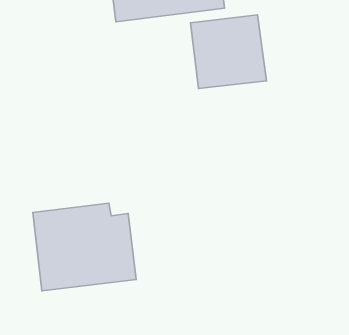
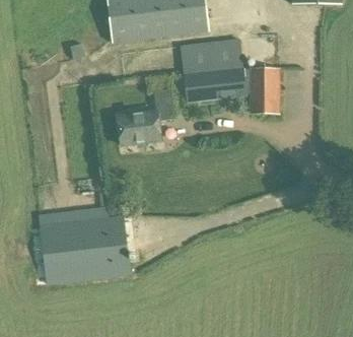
building: none -> [248,69,279,115]
building: none -> [118,90,173,145]

